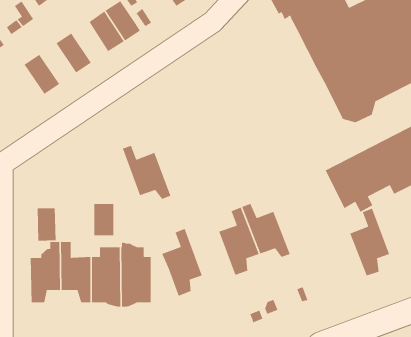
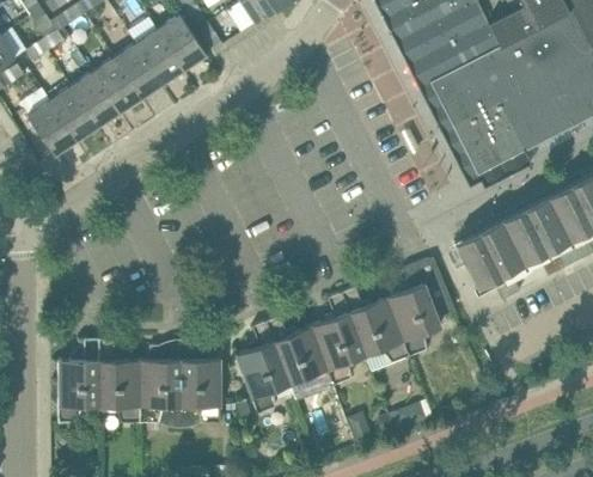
building: none -> [114,43,163,98]
building: none -> [71,72,120,127]
building: none -> [27,100,77,155]
building: [122,145,172,200] -> [267,316,334,390]
building: [94,203,114,236] -> none
building: [37,207,56,241] -> none
building: [349,207,390,277] -> [386,263,441,356]

